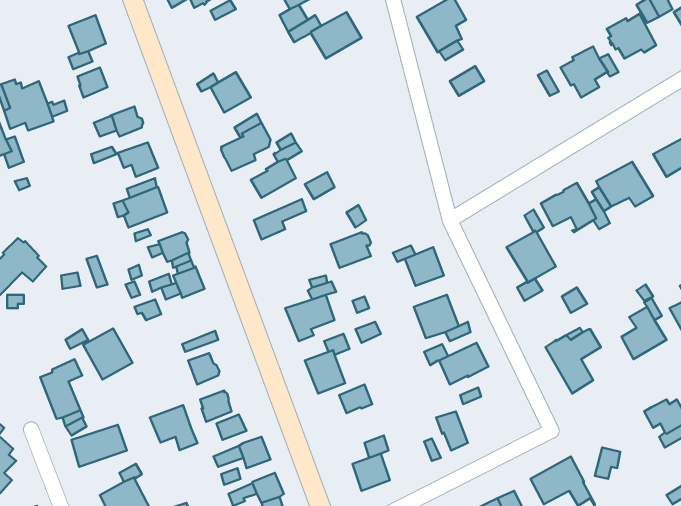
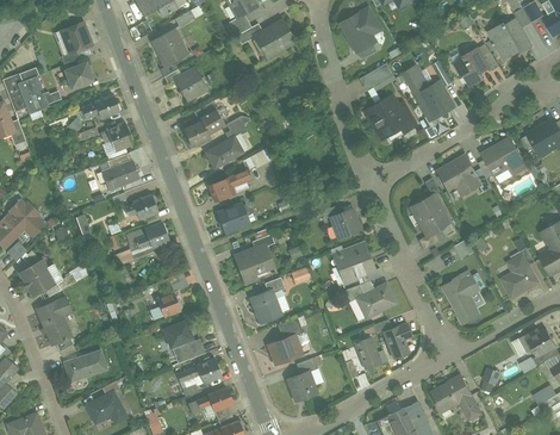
building: none -> [151,30,191,67]
building: none -> [403,67,452,119]
building: none -> [367,98,415,136]
building: [331,232,371,268] -> [217,204,249,232]
building: [83,329,133,379] -> [17,256,56,297]
building: none -> [382,324,410,359]
building: [150,405,197,450] -> none
building: none -> [268,335,301,365]

